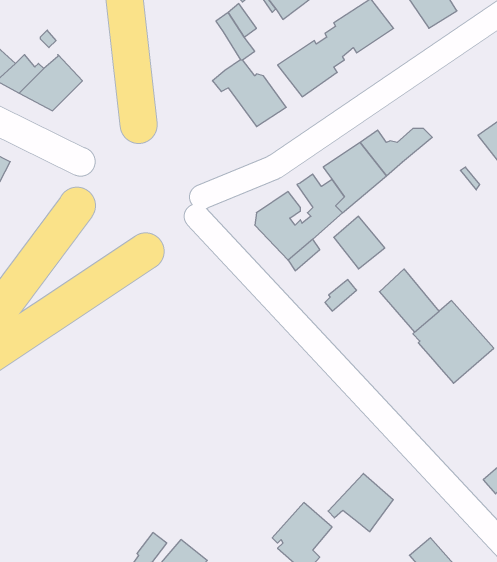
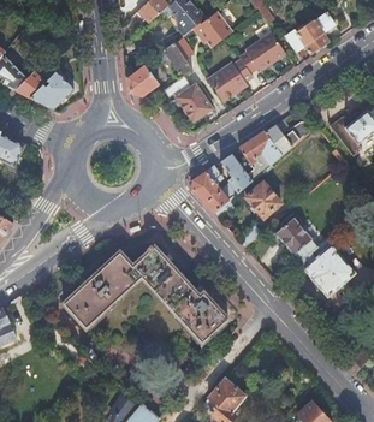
building: none -> [127,60,159,95]
building: none -> [64,243,227,343]
building: [328,473,393,532] -> none

